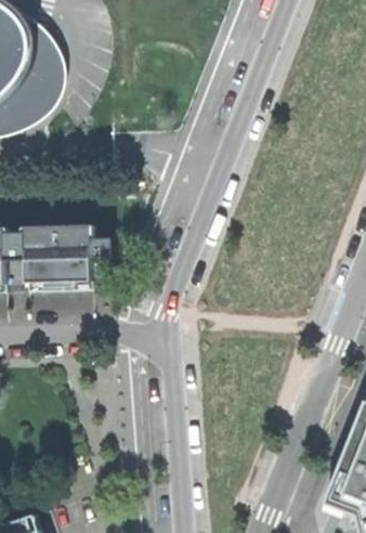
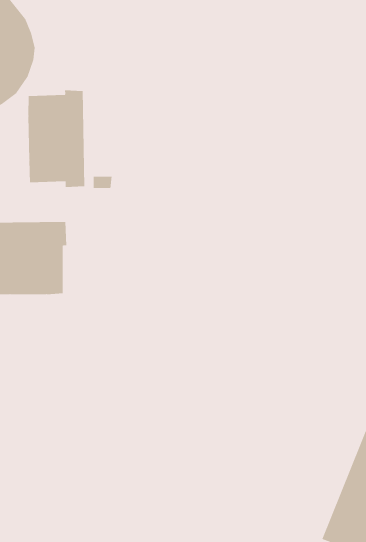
building: none -> [28,90,85,188]

